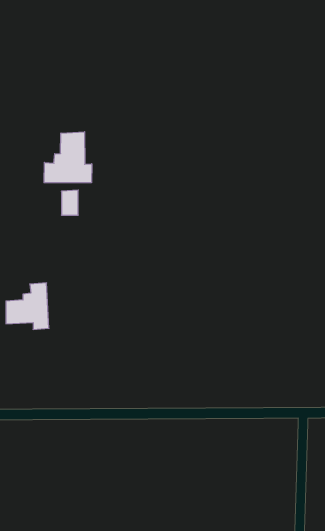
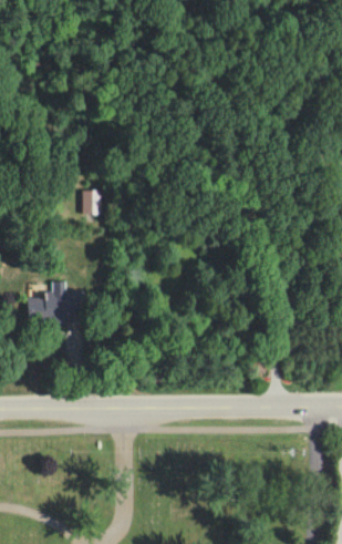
building: [44,132,92,183] -> none

